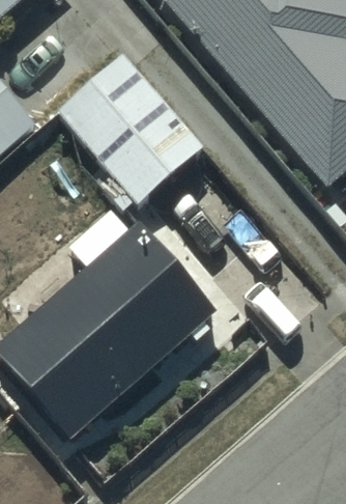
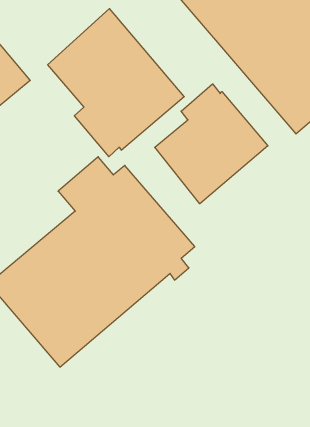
building: none -> [155,84,268,204]

